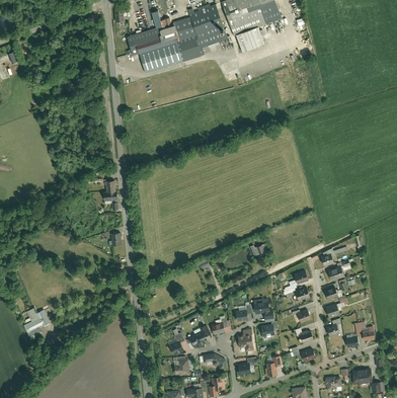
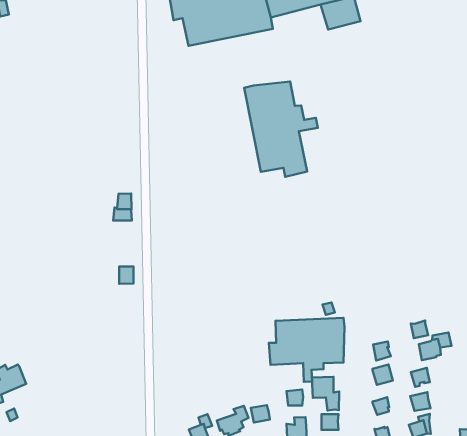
building: none -> [244,81,318,177]
building: none -> [269,318,344,382]

